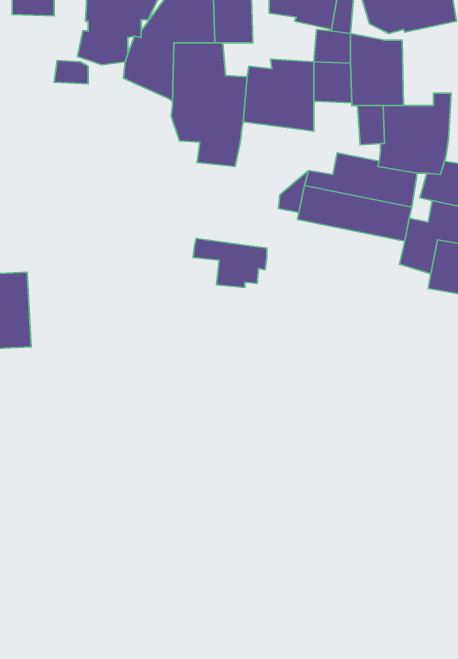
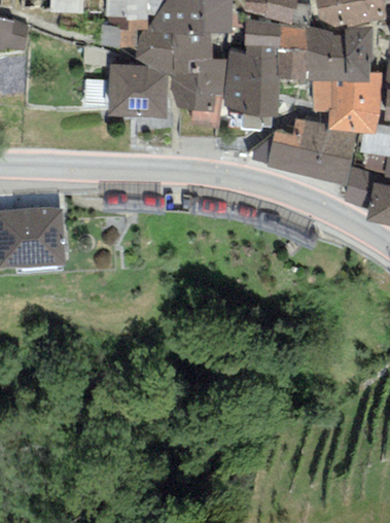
building: none -> [244,18,281,47]
building: none -> [346,27,373,80]
building: none -> [108,63,169,117]
building: [193,239,267,287] -> [223,93,279,130]

